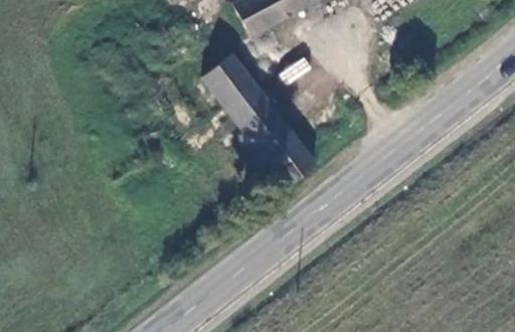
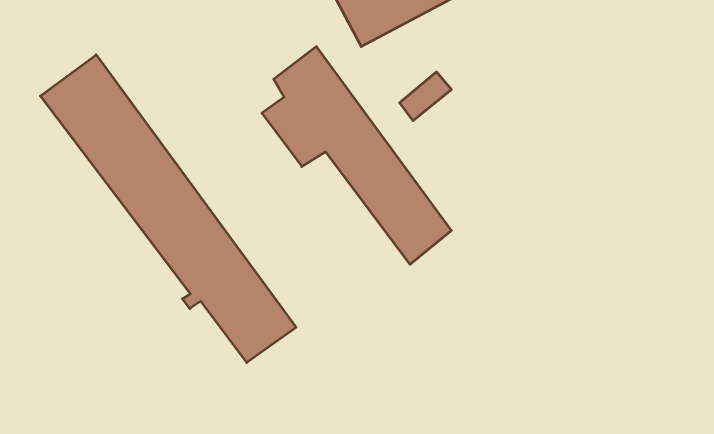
building: none -> [40,55,296,363]

